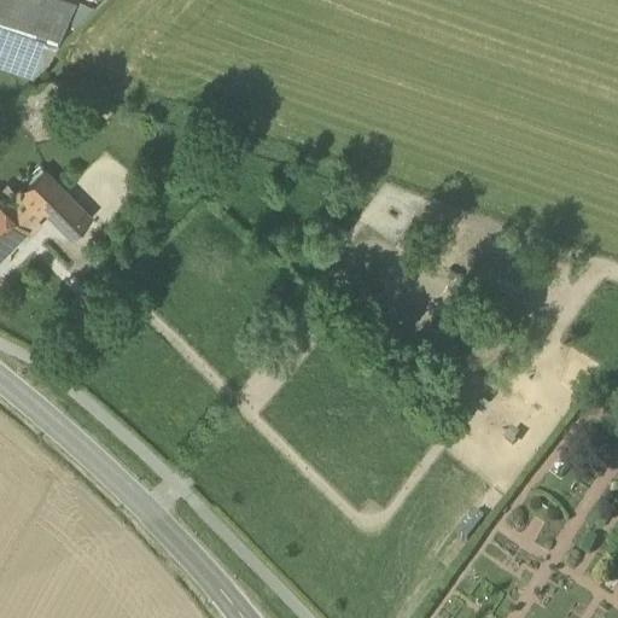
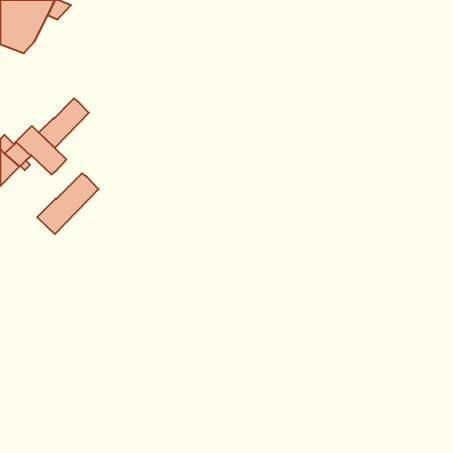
building: none -> [39,98,89,148]
building: none -> [37,173,99,234]

